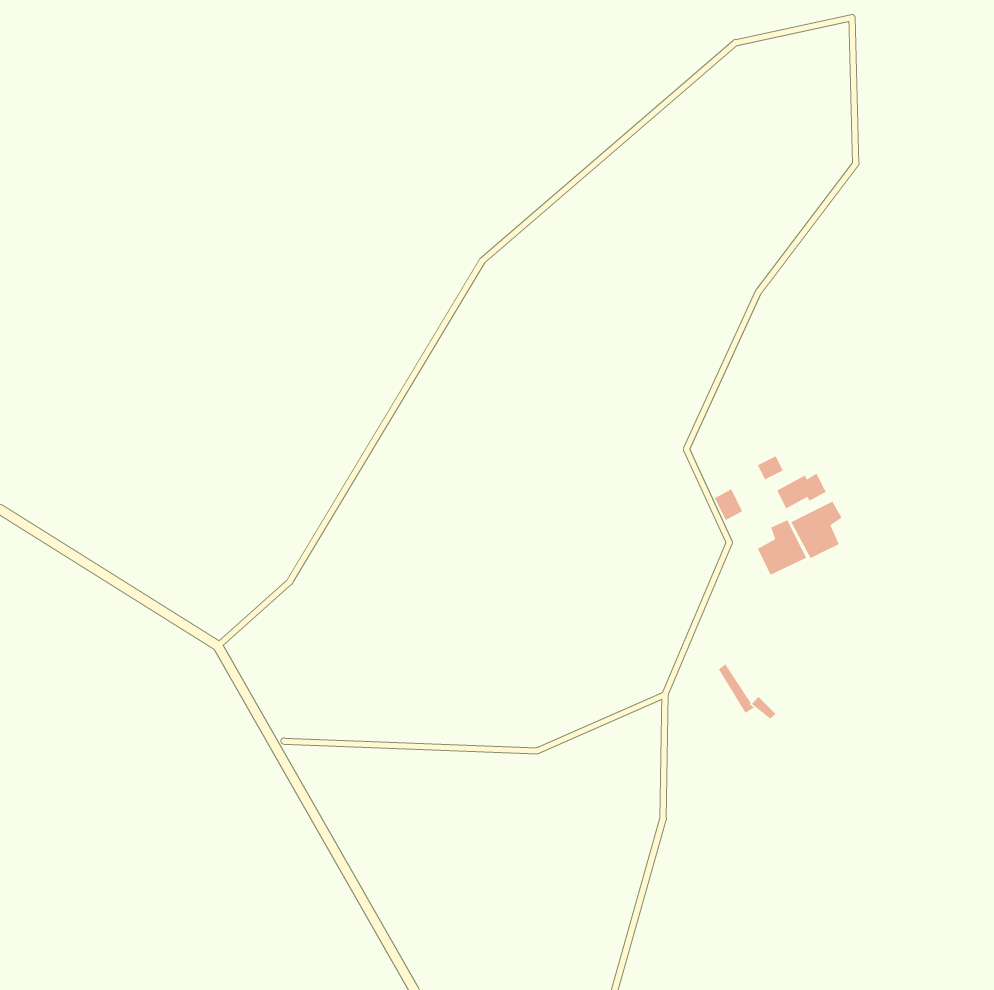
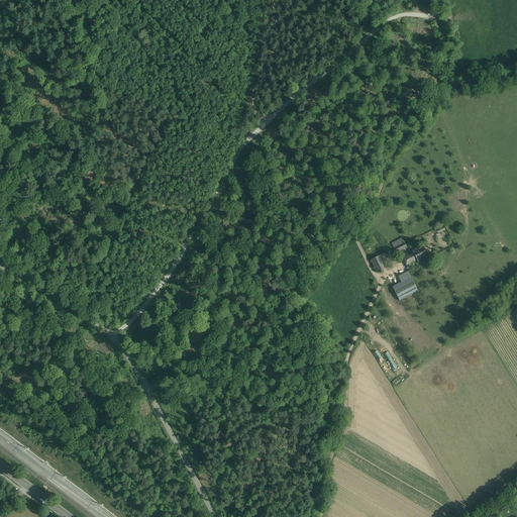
building: [790,500,843,559] -> none

